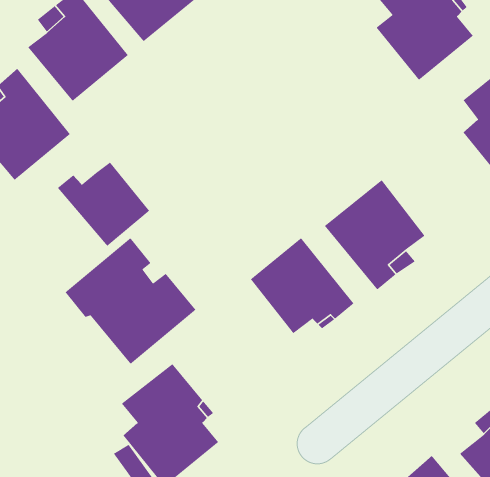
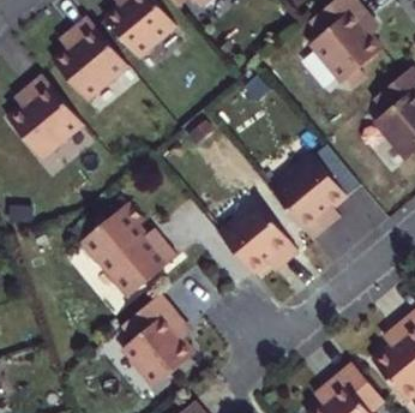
building: [57,162,150,247] -> none

